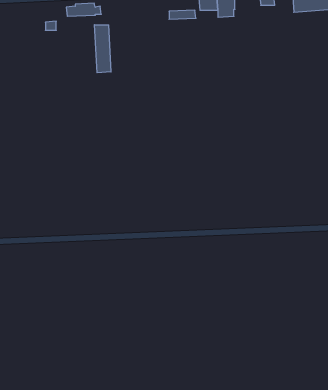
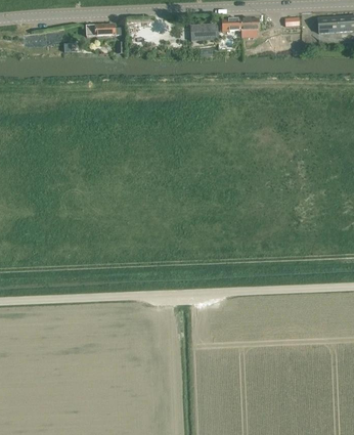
building: [94,25,111,73] -> none

